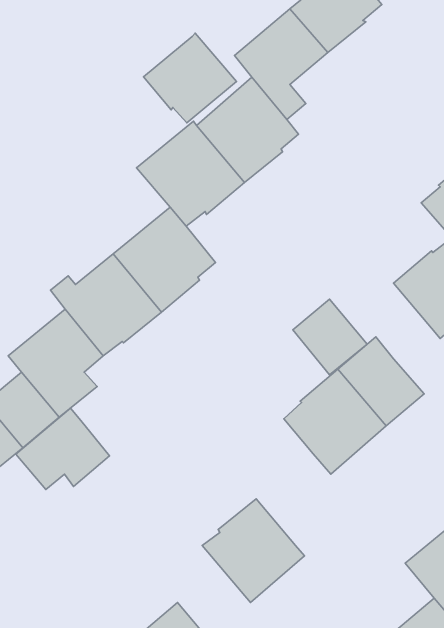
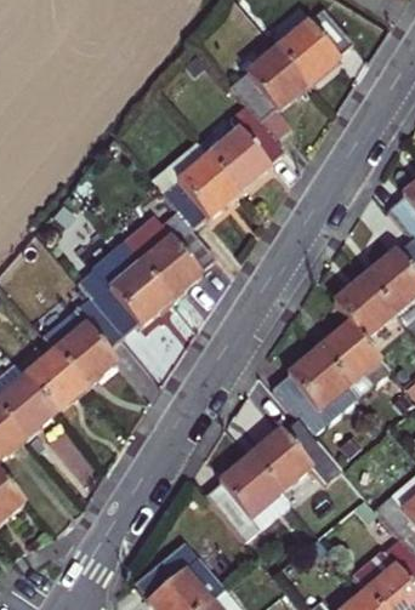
building: [144,33,237,123] -> none
building: [293,299,367,375] -> [334,275,396,338]
building: [16,408,109,489] -> none
building: none -> [250,417,335,494]

